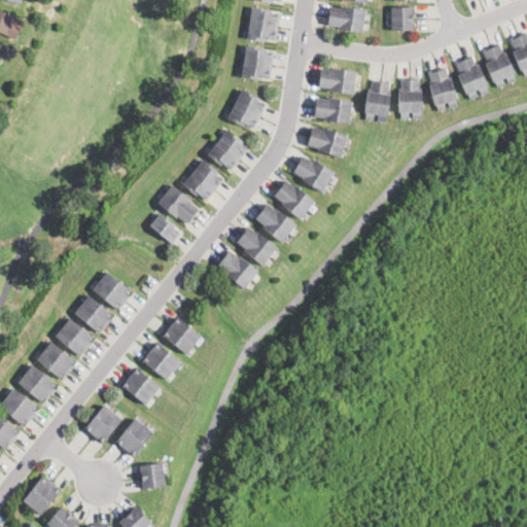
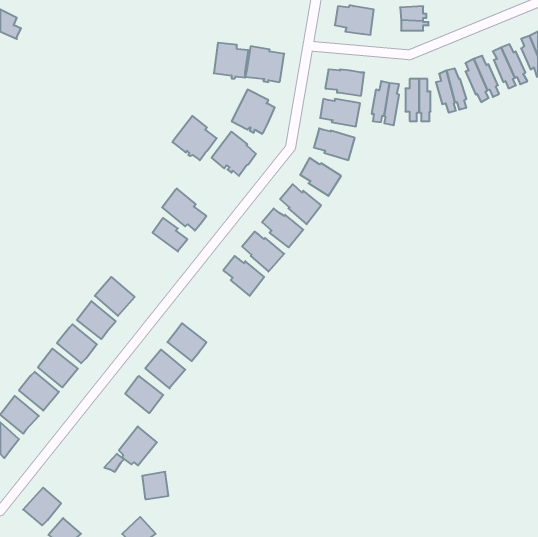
building: [246,7,280,42] -> [214,43,248,79]
building: [183,160,226,203] -> [172,116,217,160]
building: [85,406,121,443] -> none

